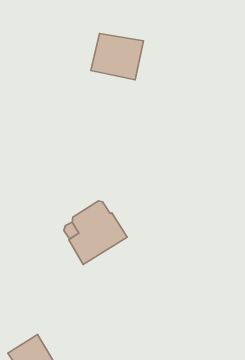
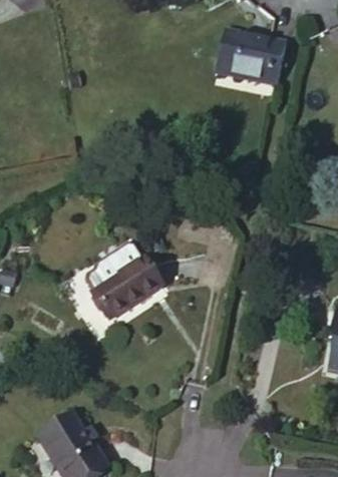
building: [91,33,144,80] -> [226,32,288,87]

